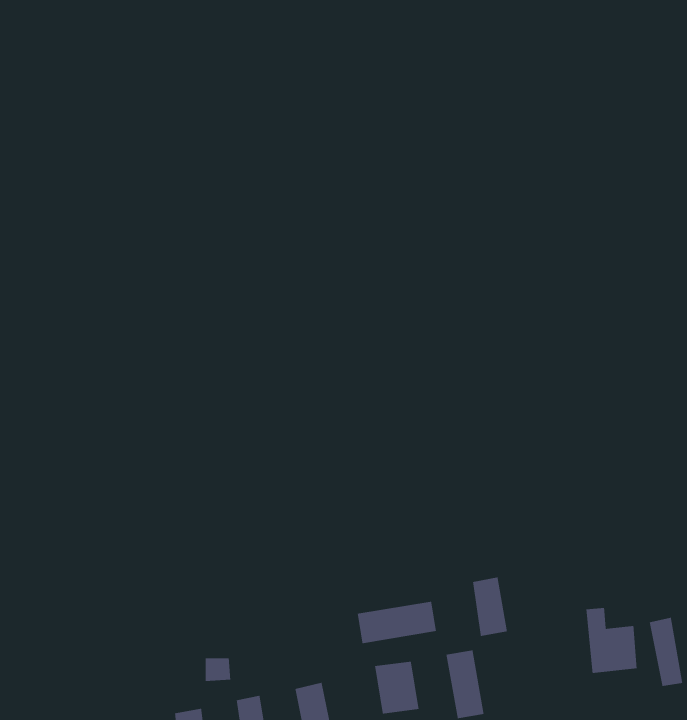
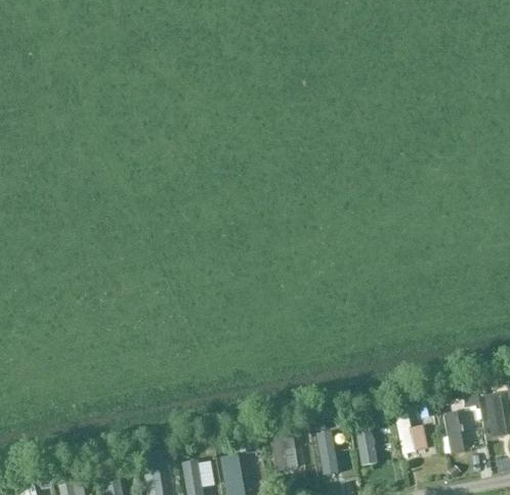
building: [472,577,508,637] -> [355,429,378,466]
building: [357,601,437,644] -> none

